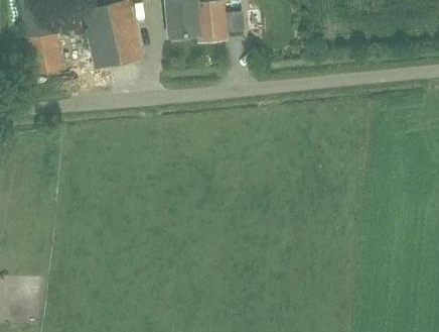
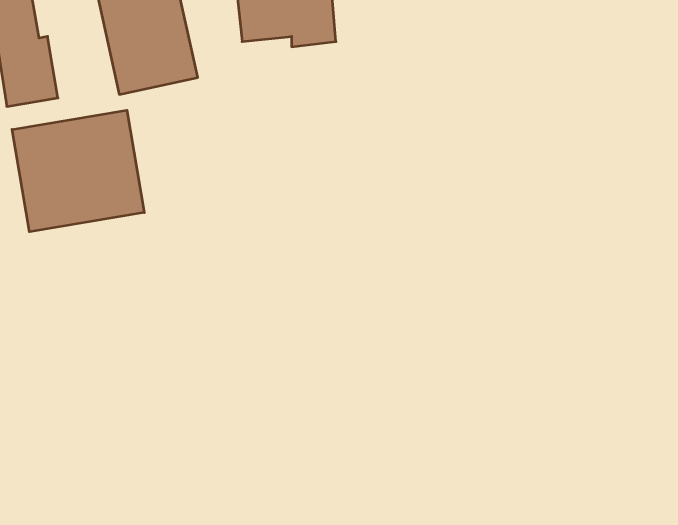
building: none -> [12,110,144,232]

